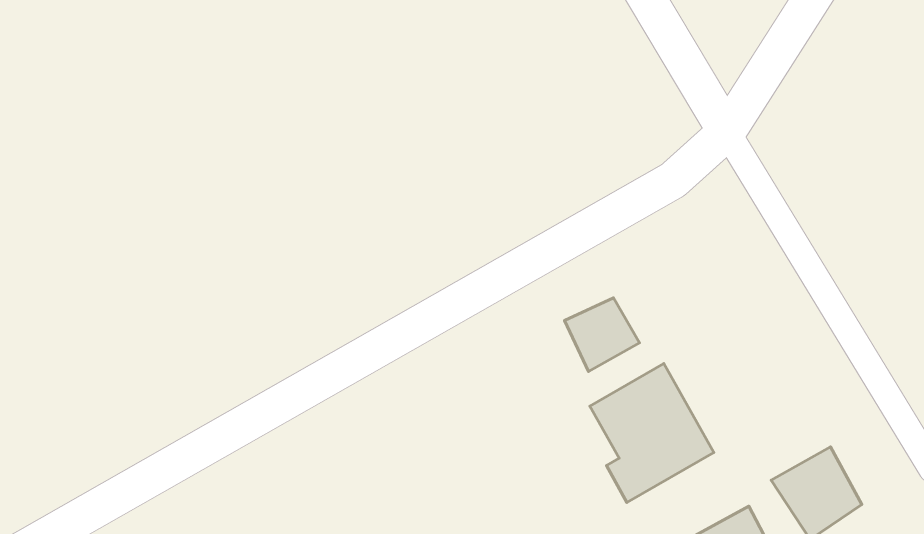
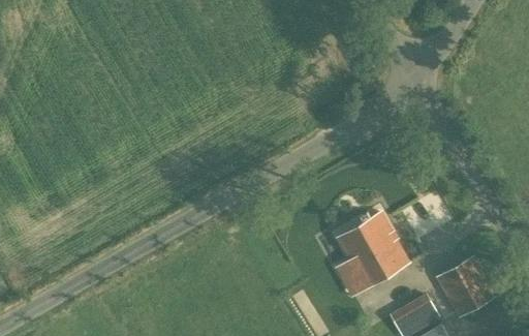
building: [564,298,640,372] -> none

